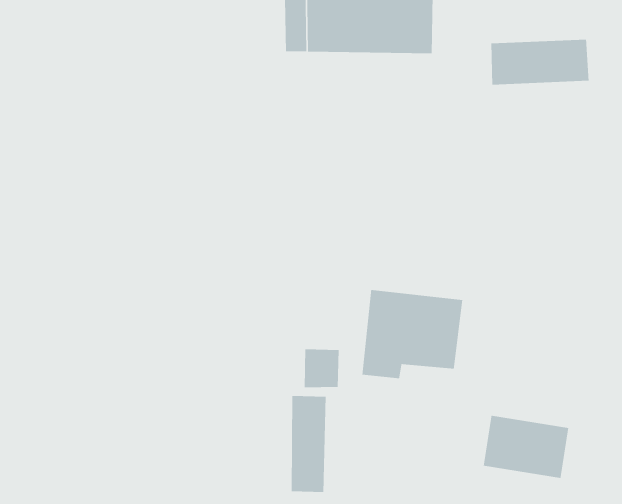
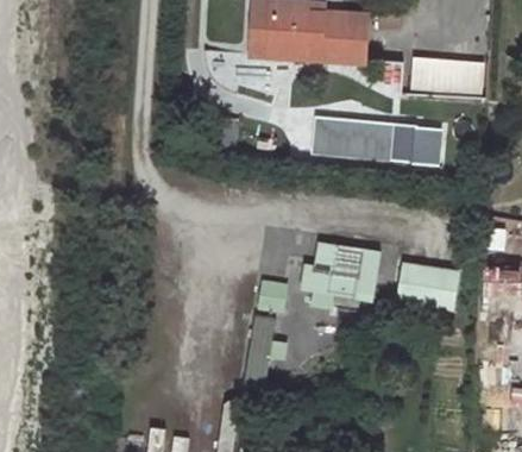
building: none -> [310,115,444,165]
building: [483,415,569,479] -> [392,258,459,309]

